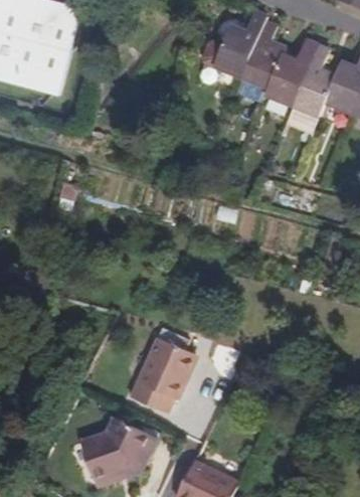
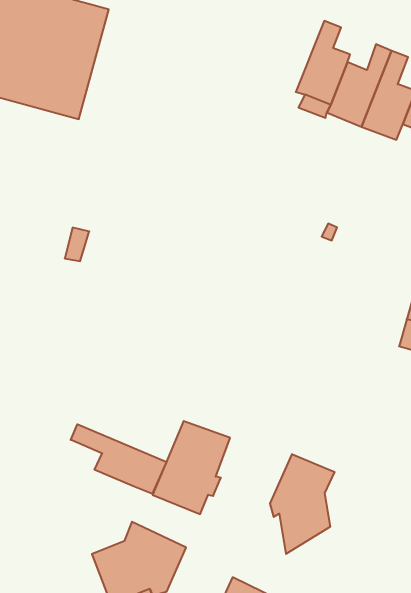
building: [214,13,265,78] -> none
building: none -> [71,424,166,494]
building: none -> [270,454,335,554]

